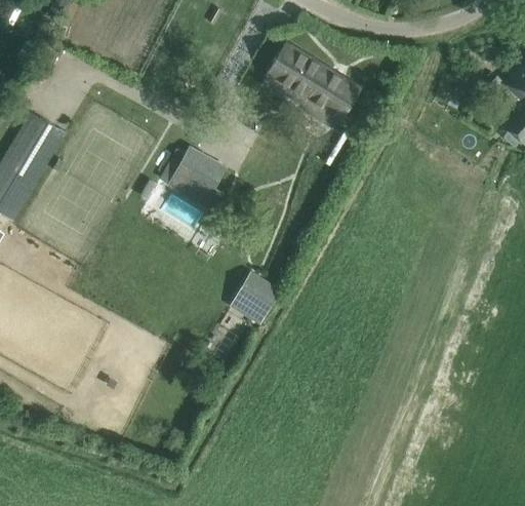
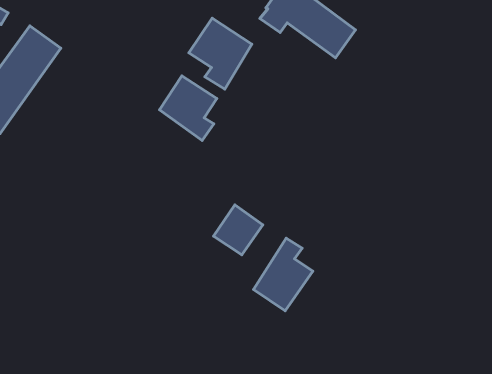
building: none -> [189,18,252,89]
building: none -> [254,238,313,311]

